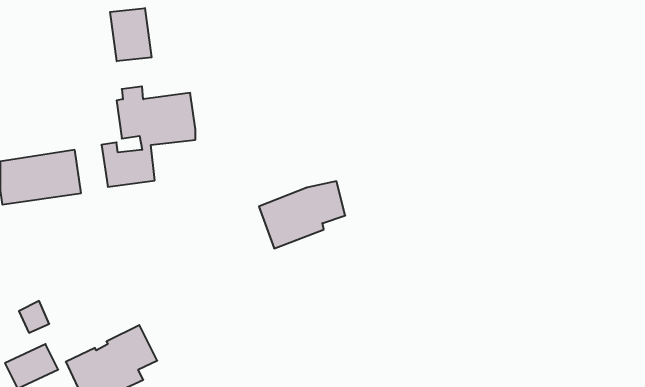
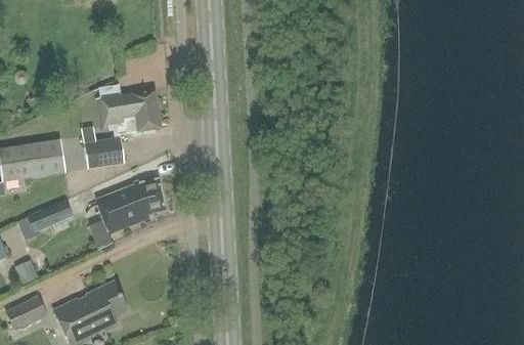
building: [110,8,152,61] -> none
building: [259,181,345,248] -> [95,178,165,232]
building: none -> [16,200,73,240]

